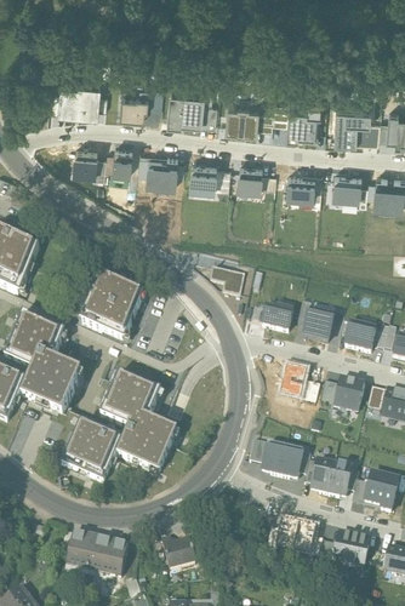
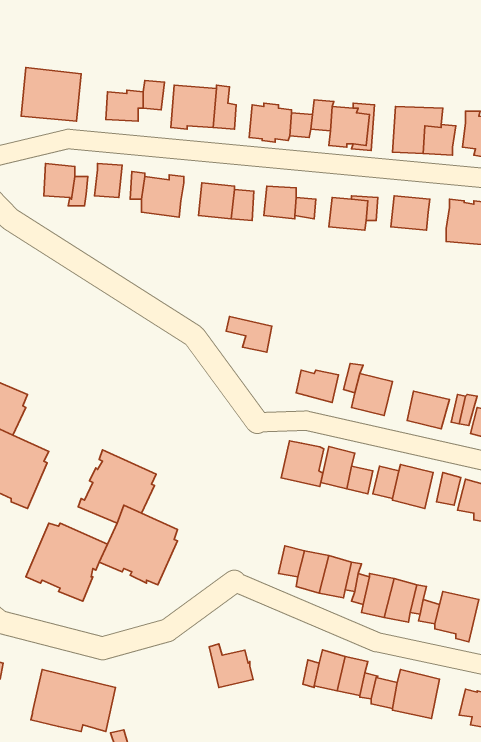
building: [81,270,143,333] -> none
building: none -> [281,441,324,487]
building: [162,532,195,565] -> [209,644,253,688]

